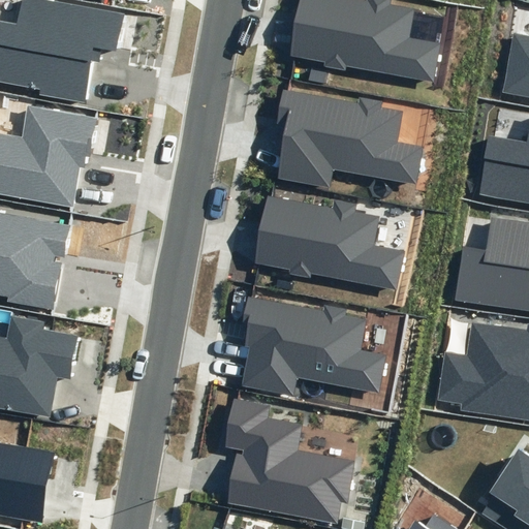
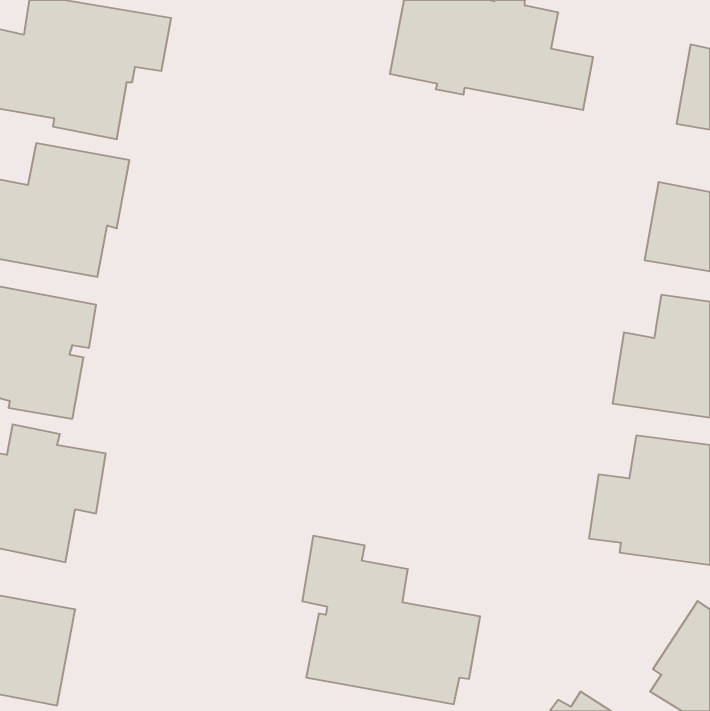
building: [277,90,423,187] -> none
building: [255,196,402,289] -> none
building: [240,297,384,397] -> none

